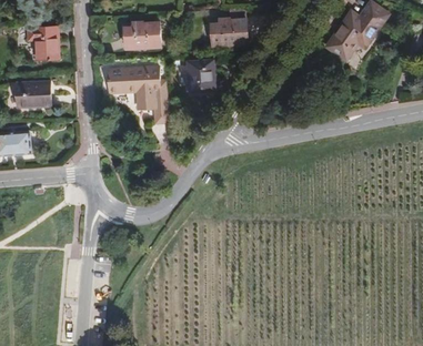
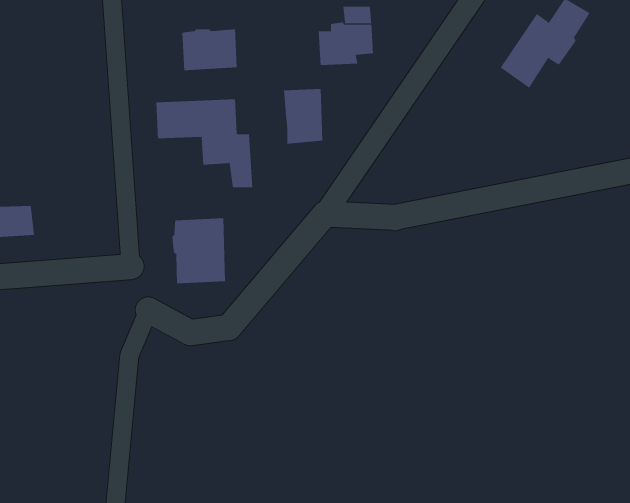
building: [28,27,59,60] -> none
building: [16,83,49,108] -> none
building: none -> [172,218,225,284]

